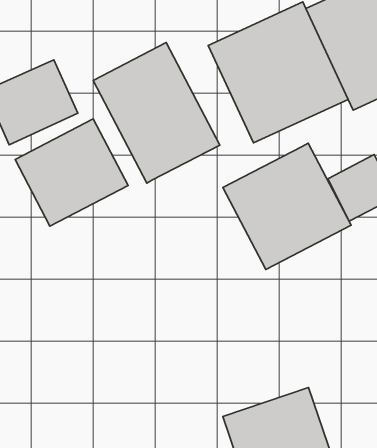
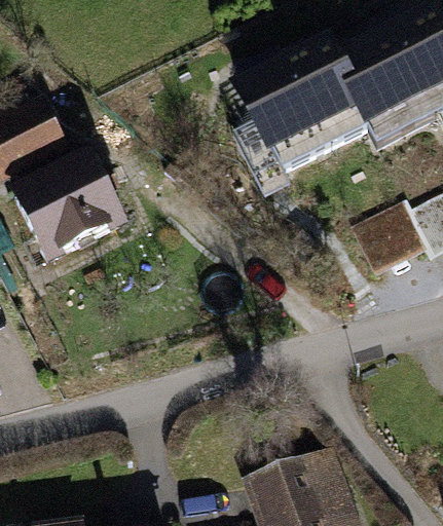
building: [93,43,220,183] -> none
building: [223,143,351,270] -> none

